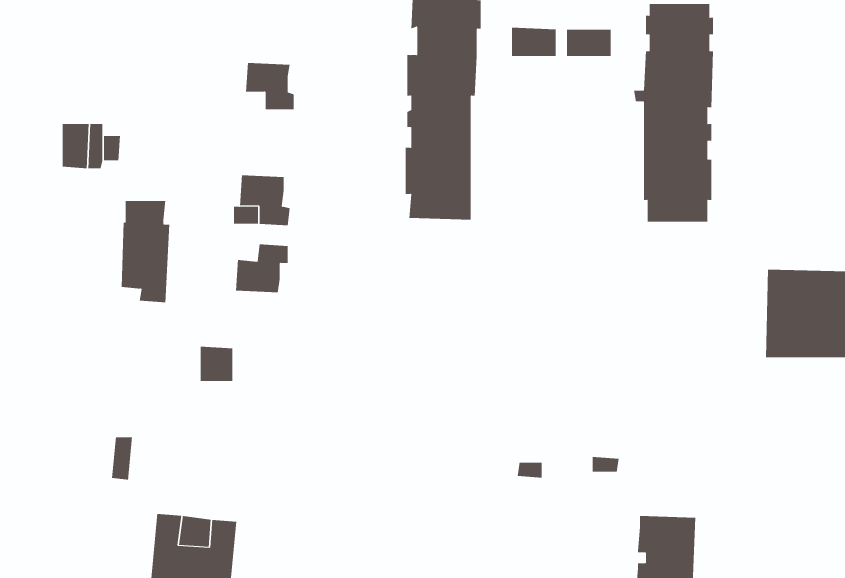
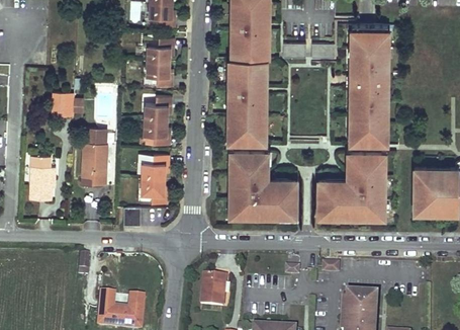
building: none -> [148,36,174,62]
building: none -> [145,95,171,119]
building: none -> [231,151,295,216]
building: none -> [318,152,384,217]
building: none -> [29,156,56,199]
building: none -> [142,178,167,203]
building: none -> [201,273,227,307]

